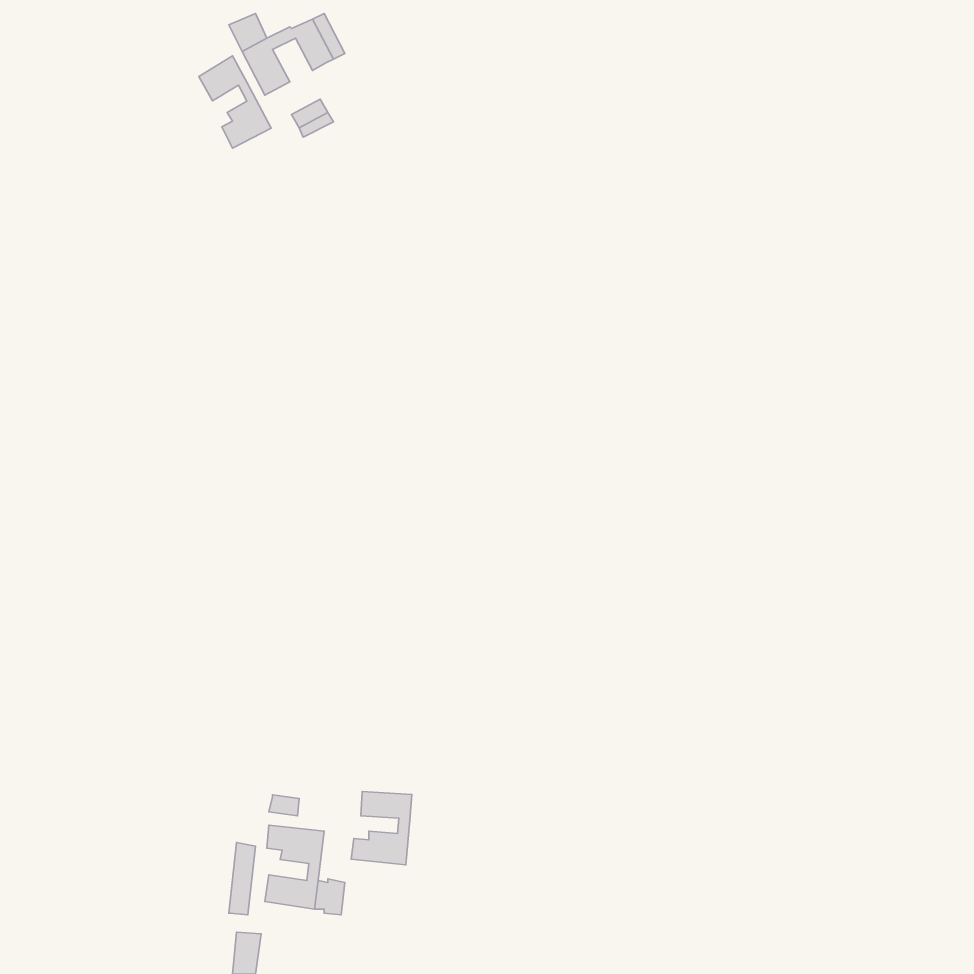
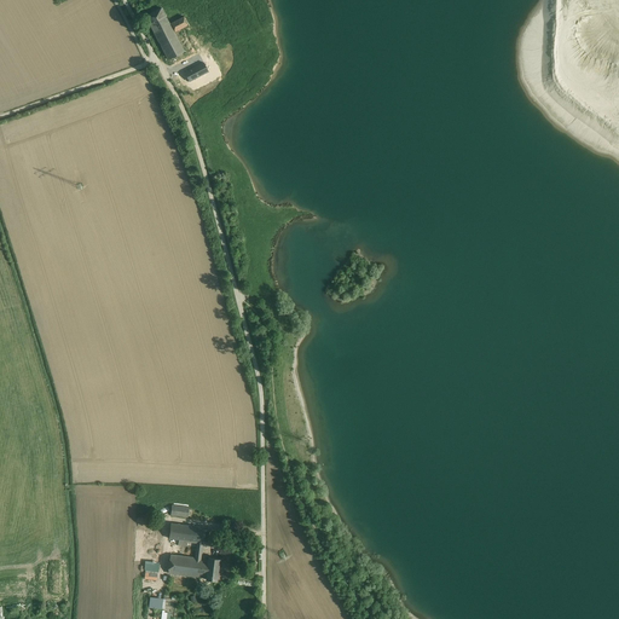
building: [199,56,271,148] -> none
building: [351,792,412,865] -> none

